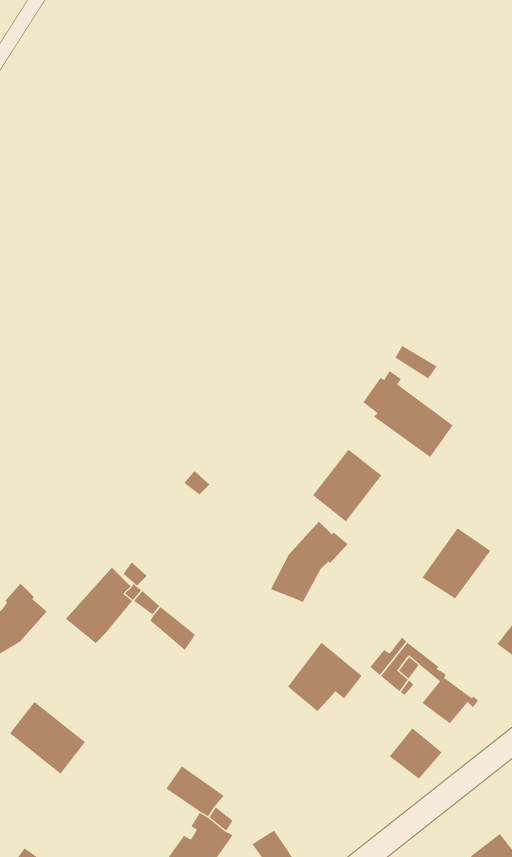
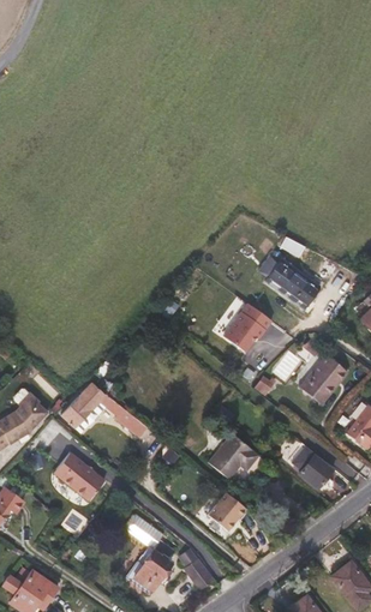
building: [270,521,348,602] -> none
building: [9,701,86,774] -> [53,451,104,500]
building: [389,727,443,779] -> [208,492,244,527]

